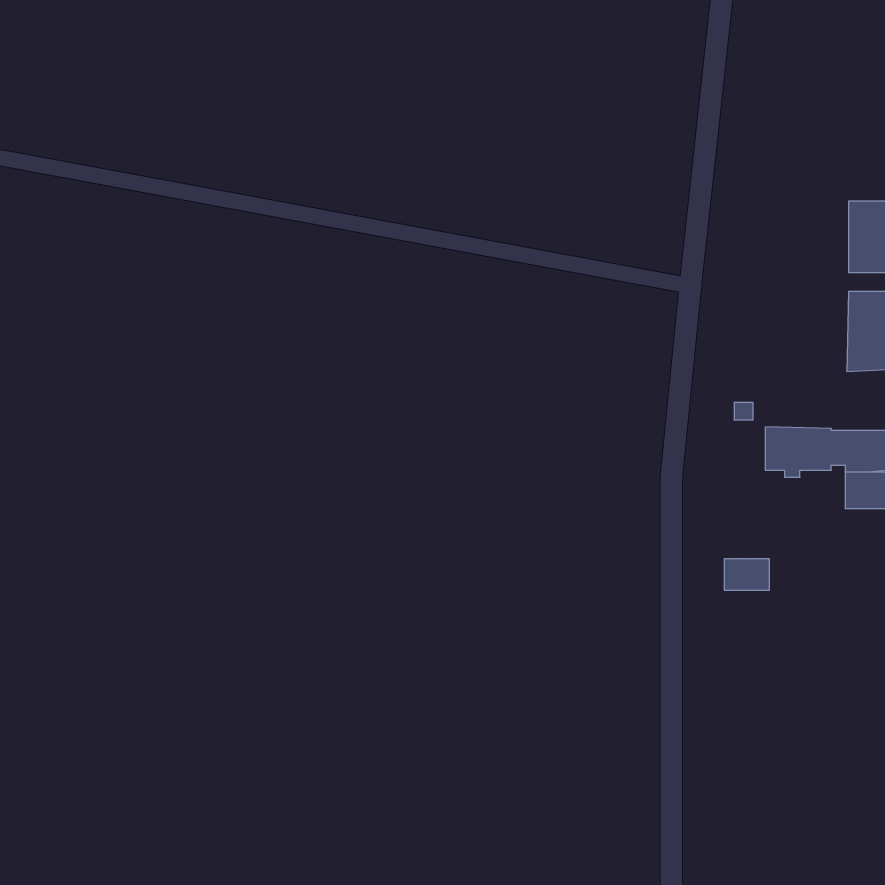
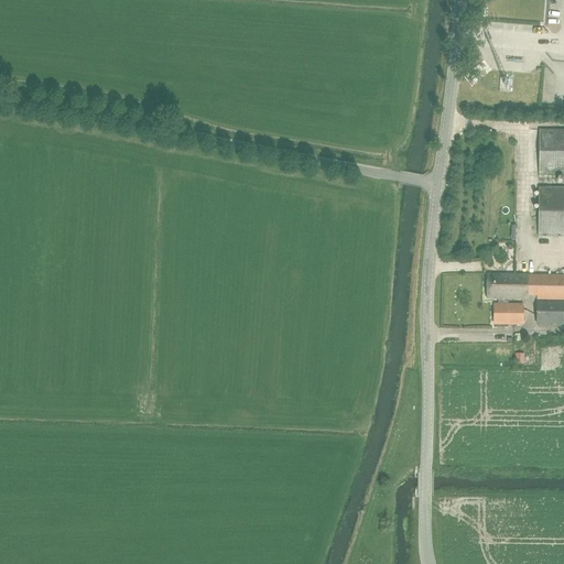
building: [724,559,769,590] -> [495,303,523,323]

